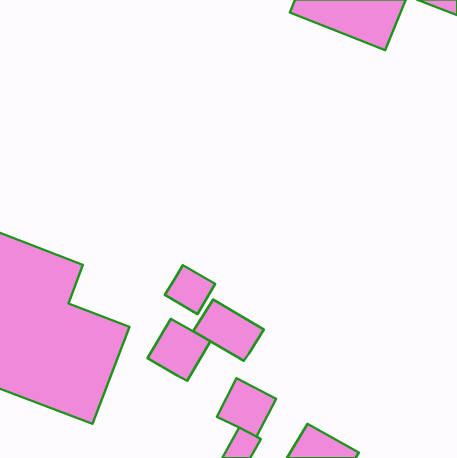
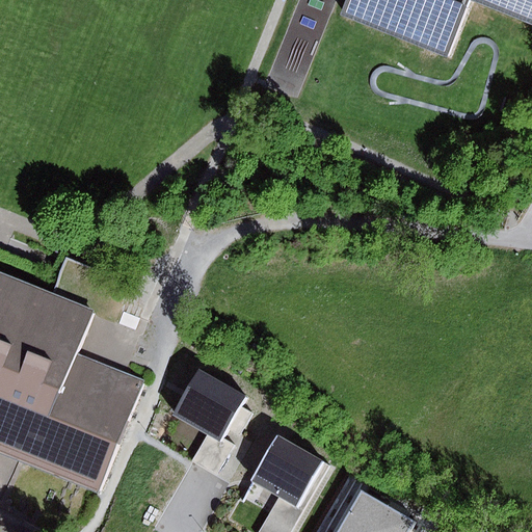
building: [165,265,215,314] -> none
building: [193,300,264,361] -> none
building: none -> [190,434,230,474]

